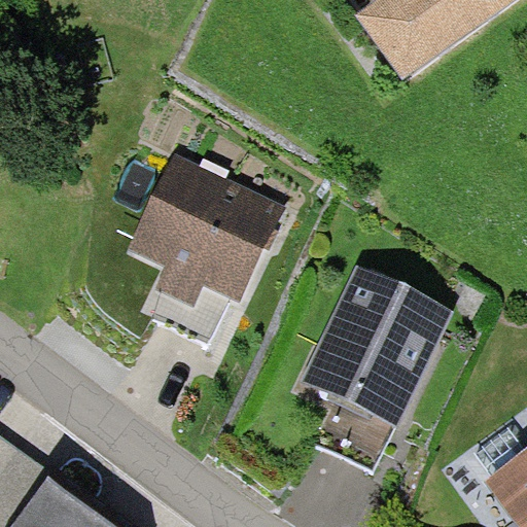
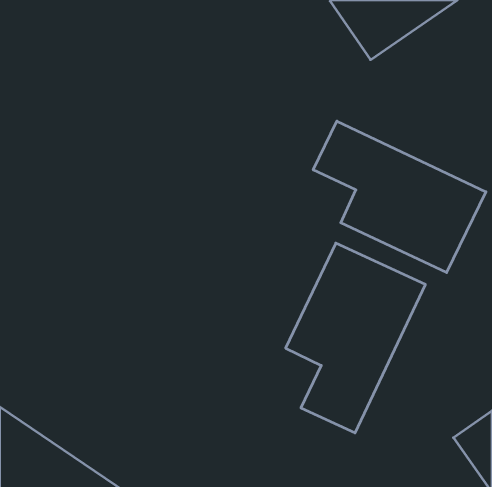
building: none -> [313,121,486,273]
building: [130,154,283,302] -> none

